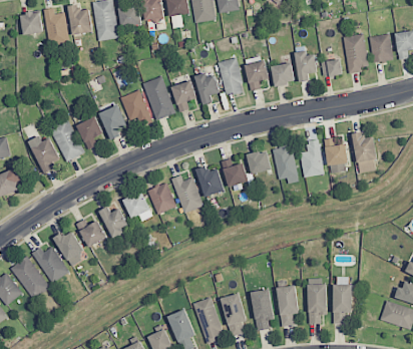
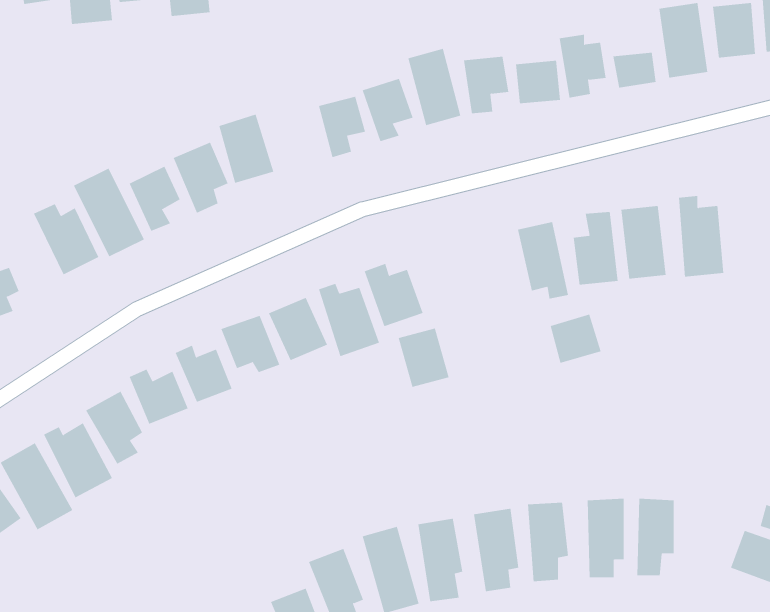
building: [143,76,175,120] -> none
building: [247,149,273,174] -> [550,314,602,364]
building: [222,156,248,187] -> [398,328,450,388]

